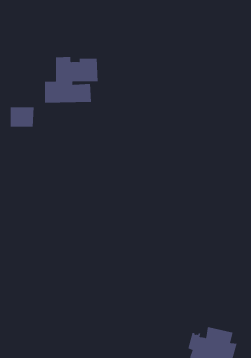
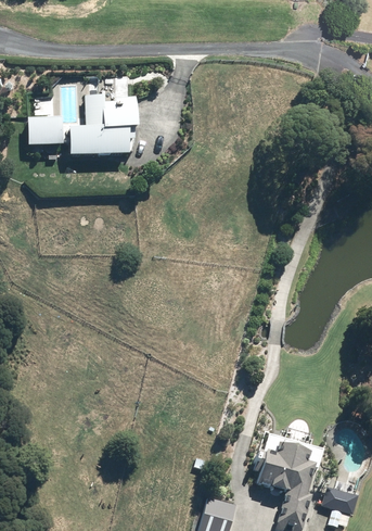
building: [10,107,34,127] -> [26,117,57,143]

